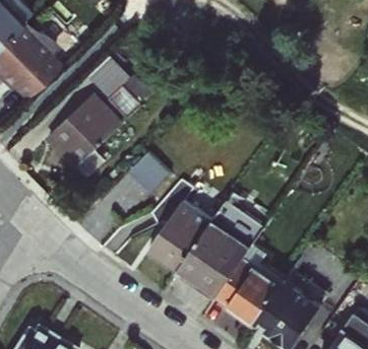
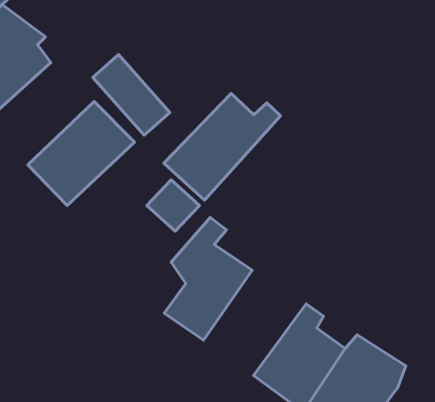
building: none -> [164,93,281,200]
building: [174,201,263,300] -> none

